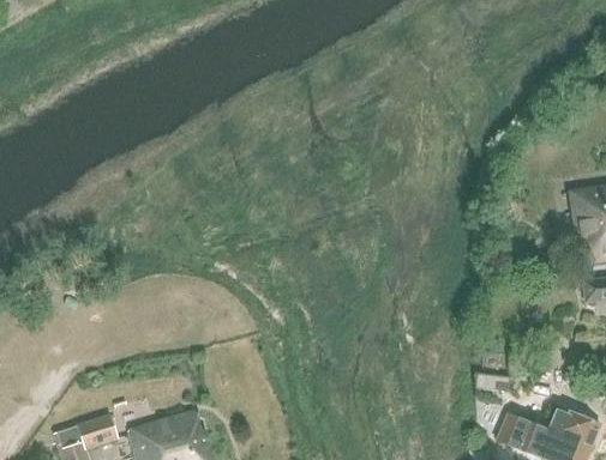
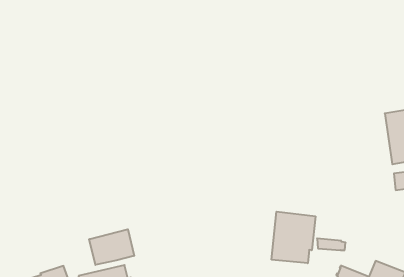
building: none -> [272,212,315,263]
building: none -> [89,229,134,265]

